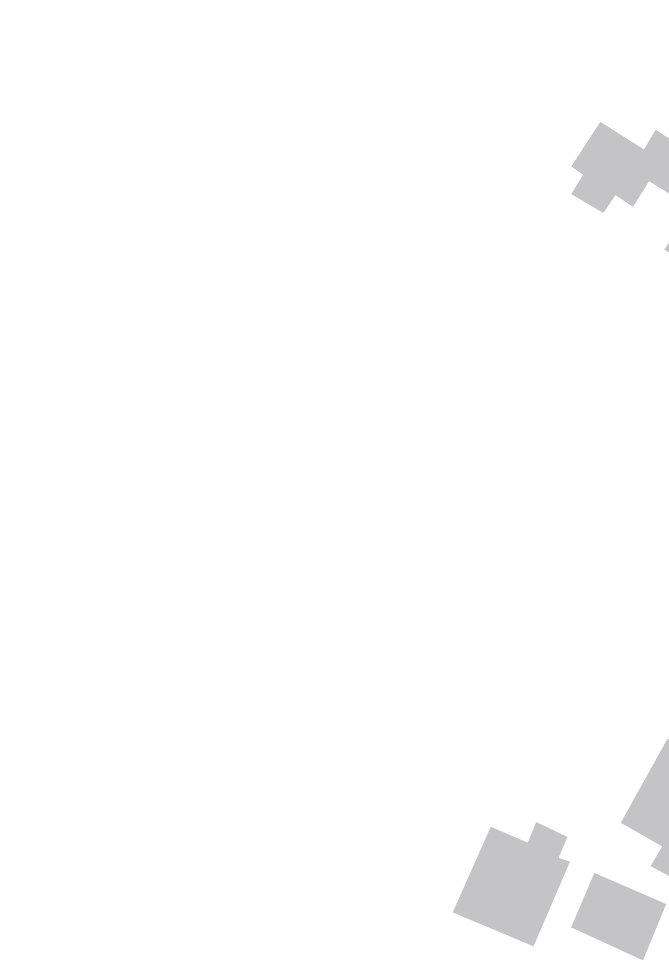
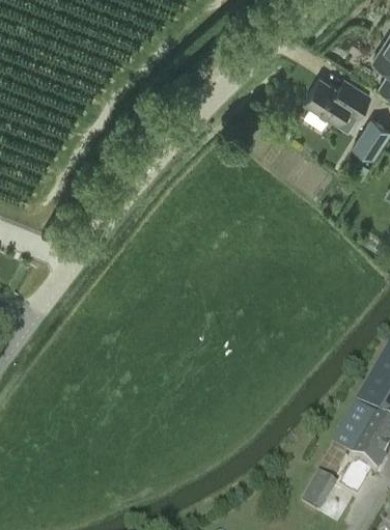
building: [452,821,571,947] -> none

